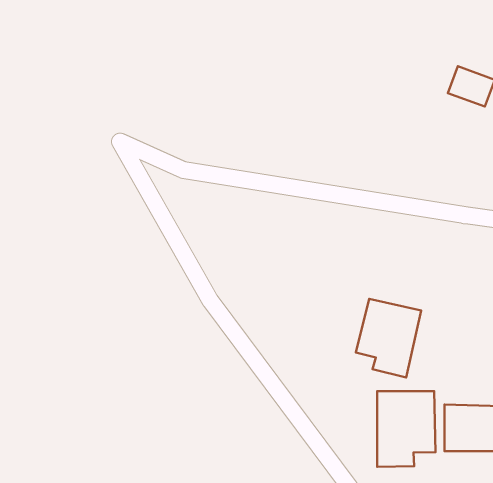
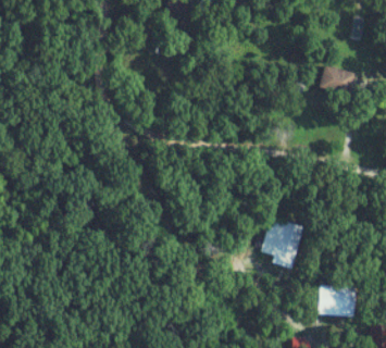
building: [377,391,436,467] -> none

